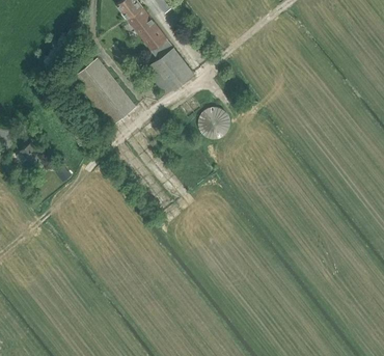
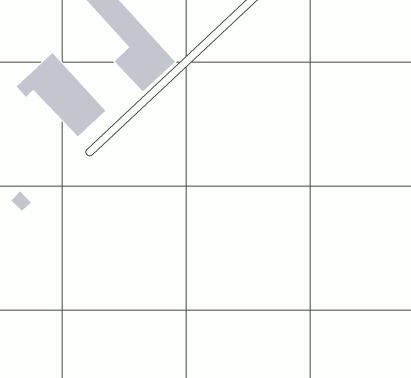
building: [197,106,229,138] -> none

